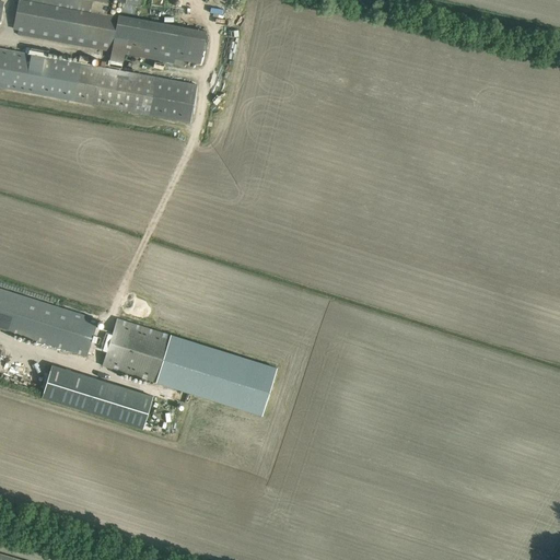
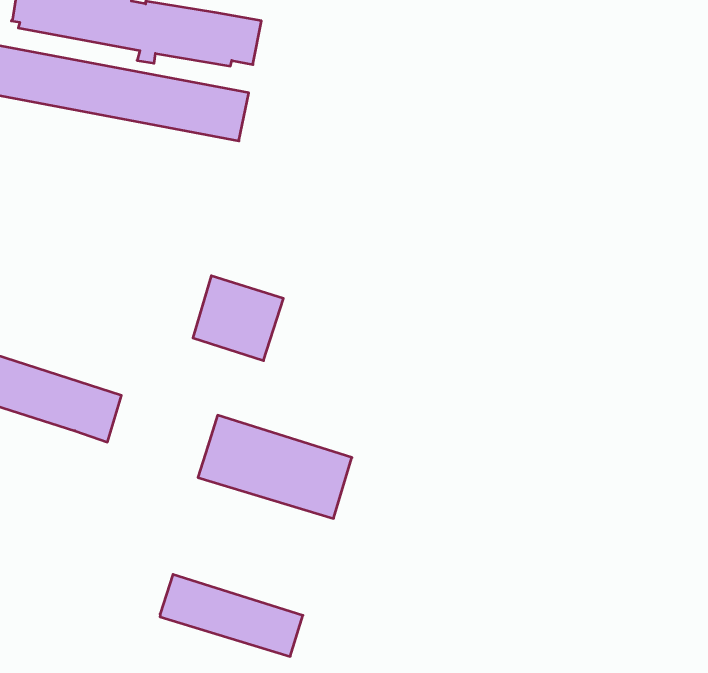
building: [102,317,172,383] -> [193,276,283,361]
building: [42,364,152,428] -> [160,574,303,656]

